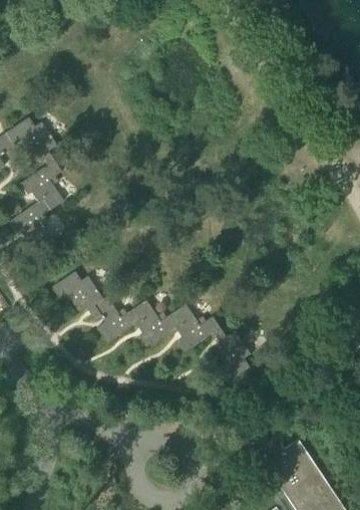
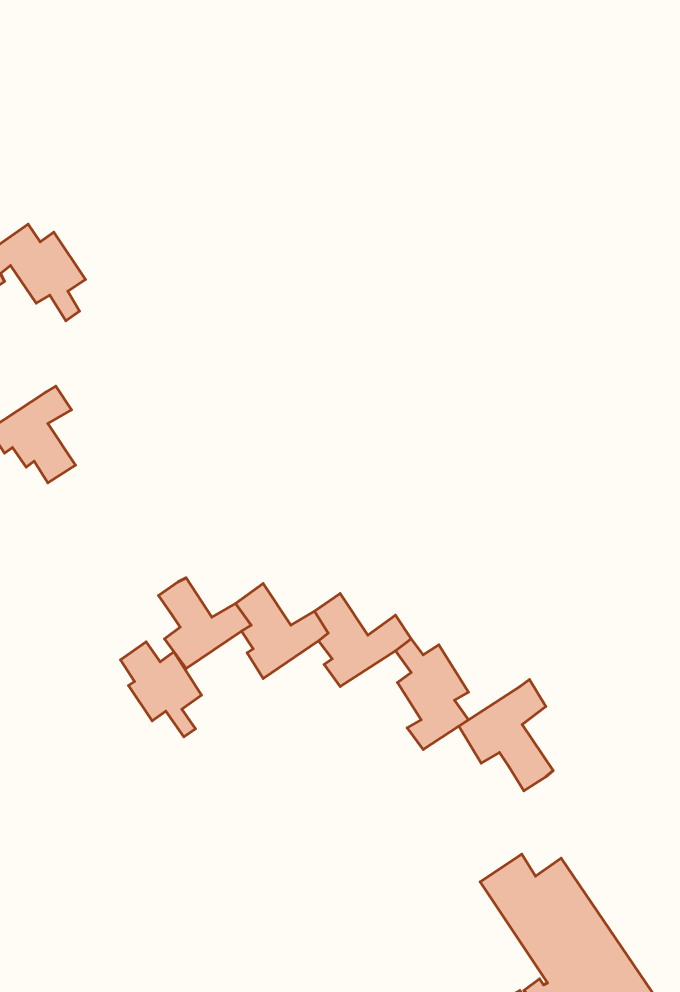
building: [18,161,63,211] -> none
building: [62,271,103,319] -> [121,642,201,737]
building: none -> [459,680,553,791]

